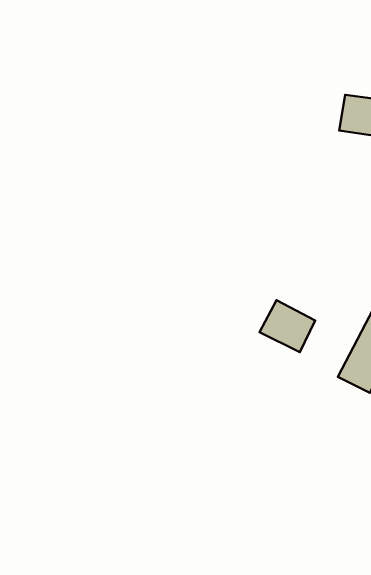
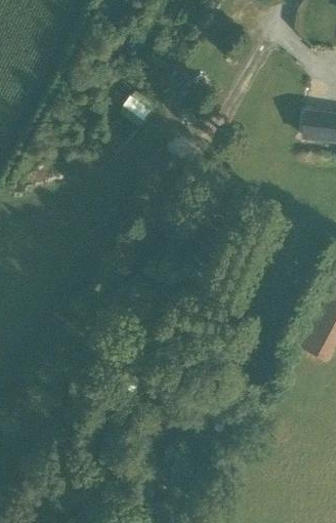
building: [260,300,315,352] -> none

